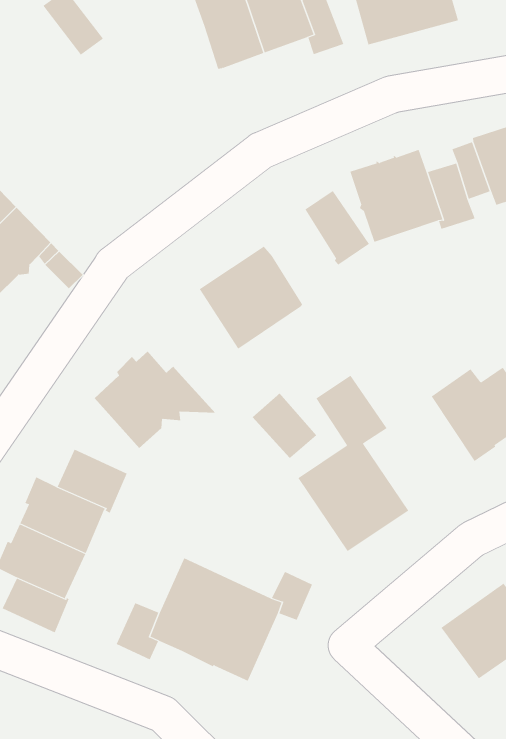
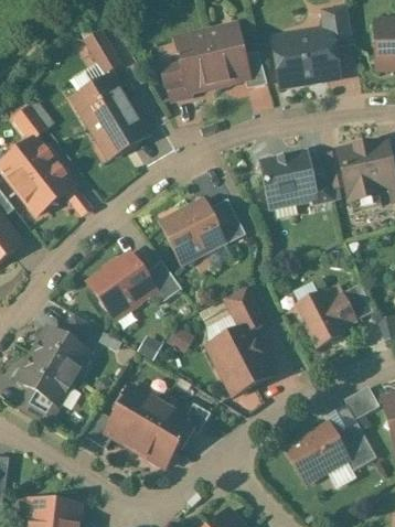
building: none -> [160,62,191,99]
building: none -> [73,74,146,157]
building: [305,190,370,265] -> [207,197,245,244]
building: [252,392,317,458] -> [142,259,181,300]

